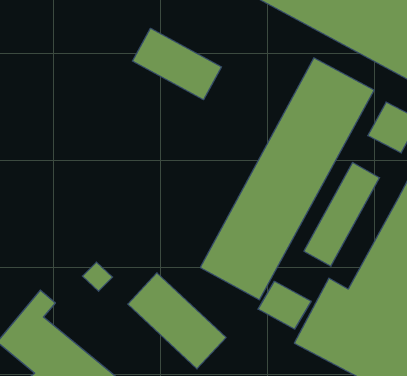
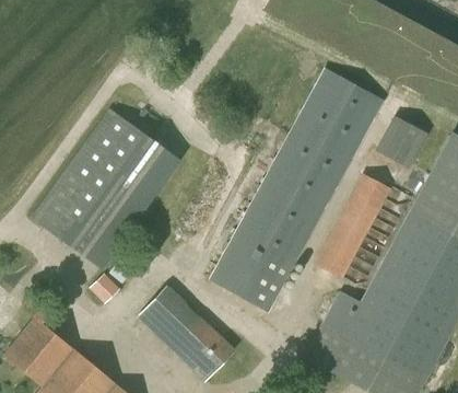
building: [132,28,221,100] -> none
building: none -> [30,108,181,270]
building: [258,281,311,329] -> none

